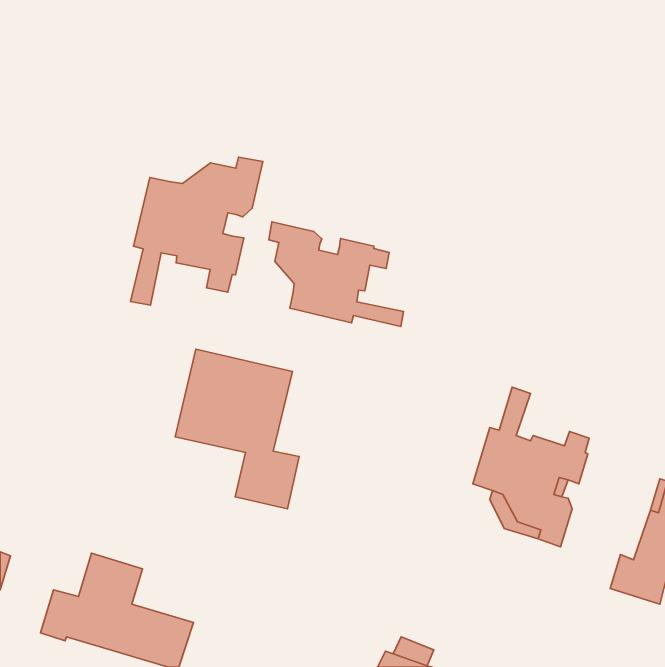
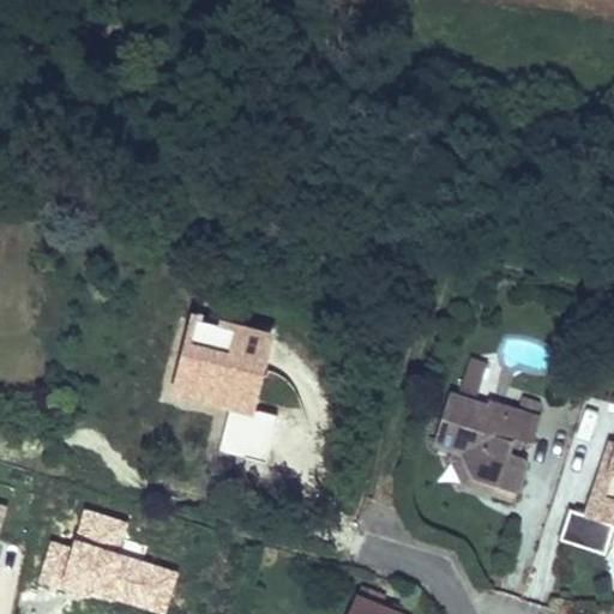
building: [131,157,263,305] -> none
building: [269,222,404,327] -> none

